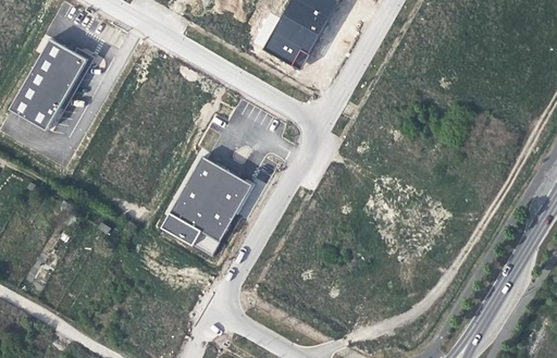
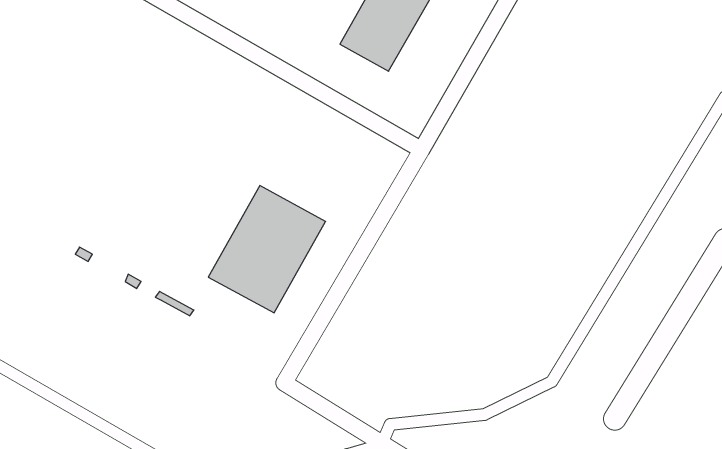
building: [10,40,85,129] -> none

